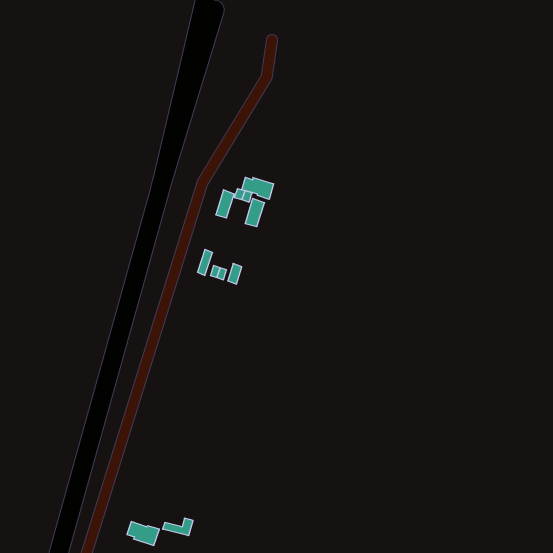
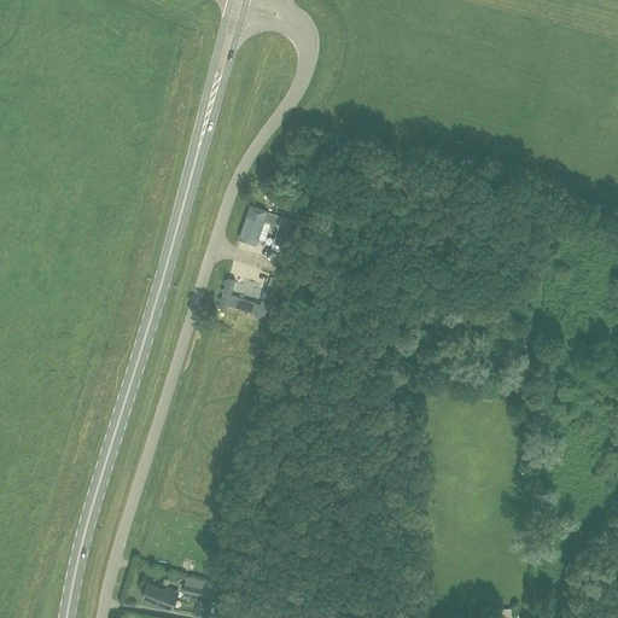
building: [242,177,274,199] -> none

